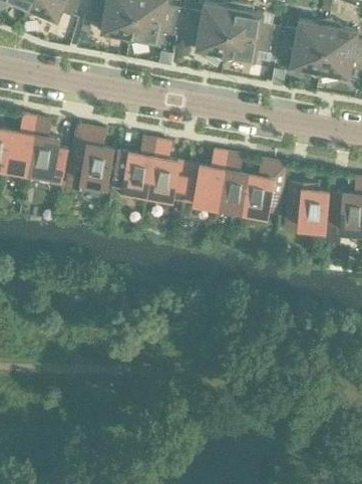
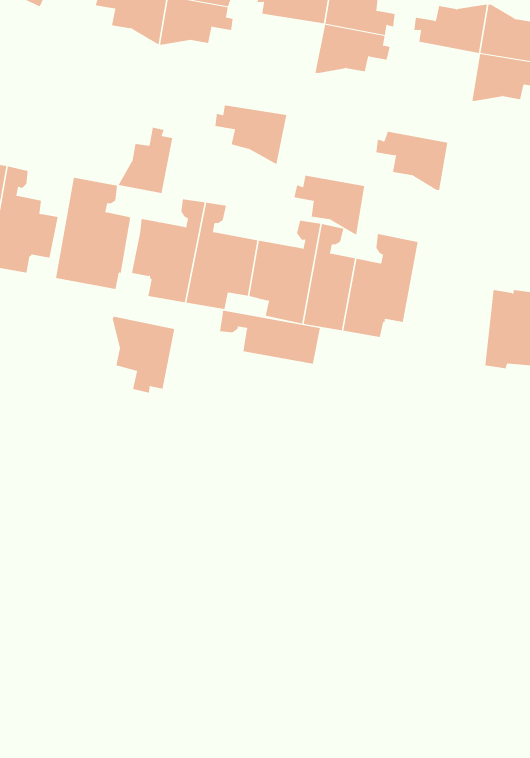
building: [187,24,231,60] -> [214,105,287,164]
building: [281,41,325,77] -> [376,131,448,190]
building: none -> [118,127,173,194]
building: none -> [294,175,365,235]
building: [286,181,329,229] -> none
building: none -> [220,310,320,364]
building: none -> [112,316,175,394]

